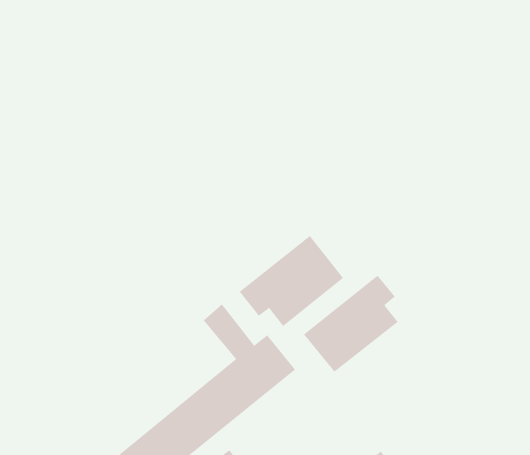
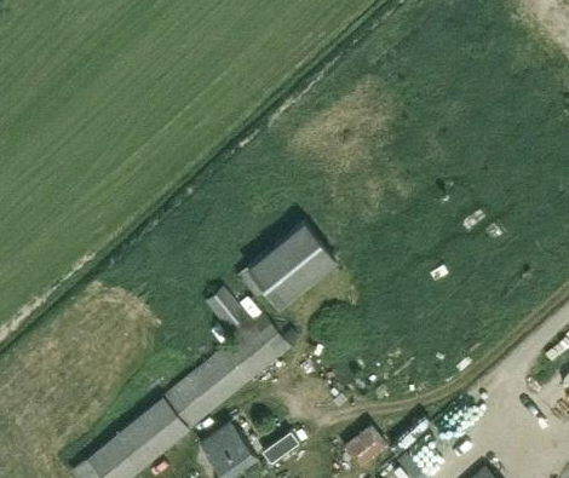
building: [303,275,399,373] -> none

